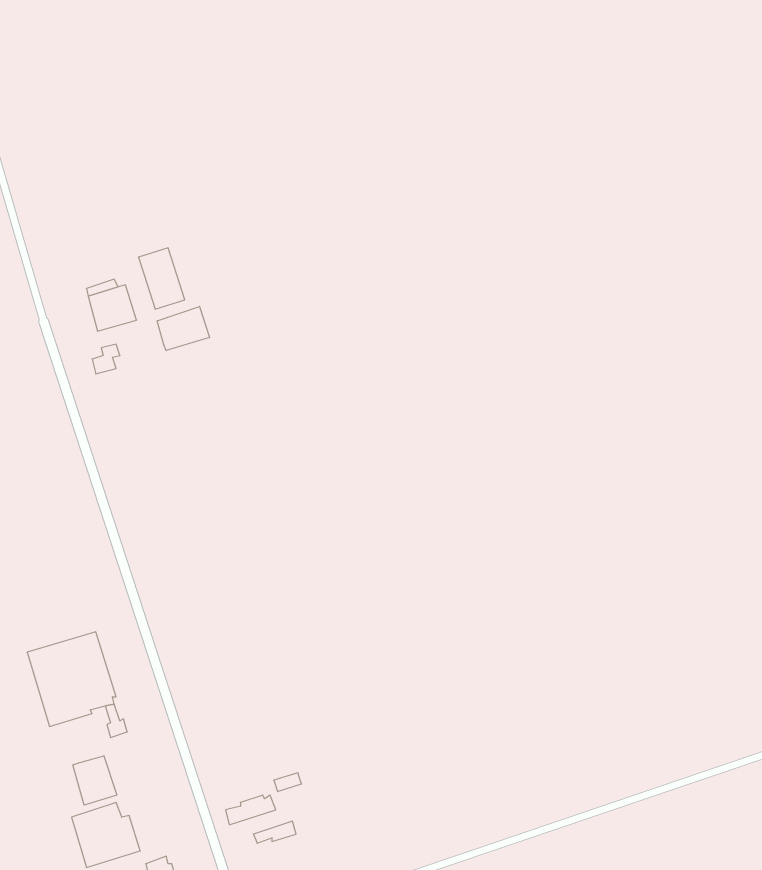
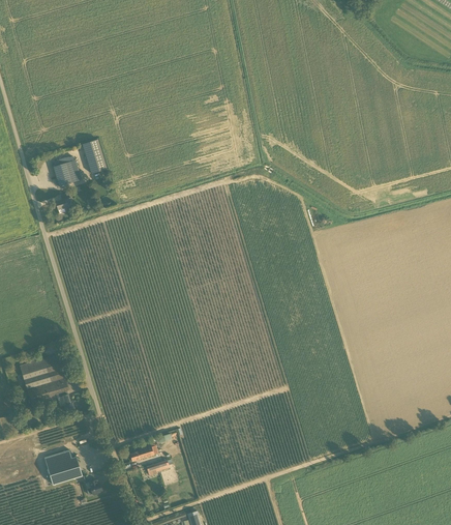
building: [157,306,210,351] -> none
building: [73,756,117,805] -> none

